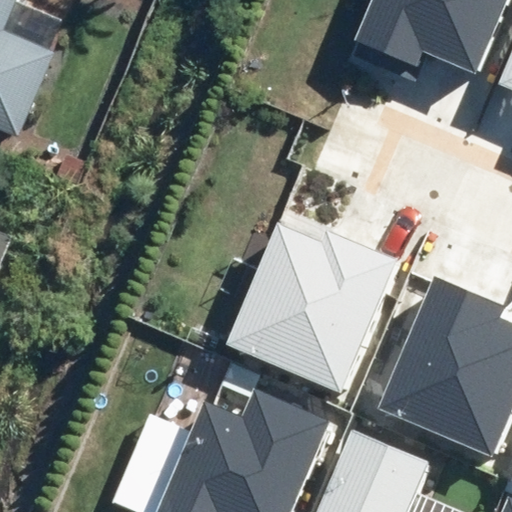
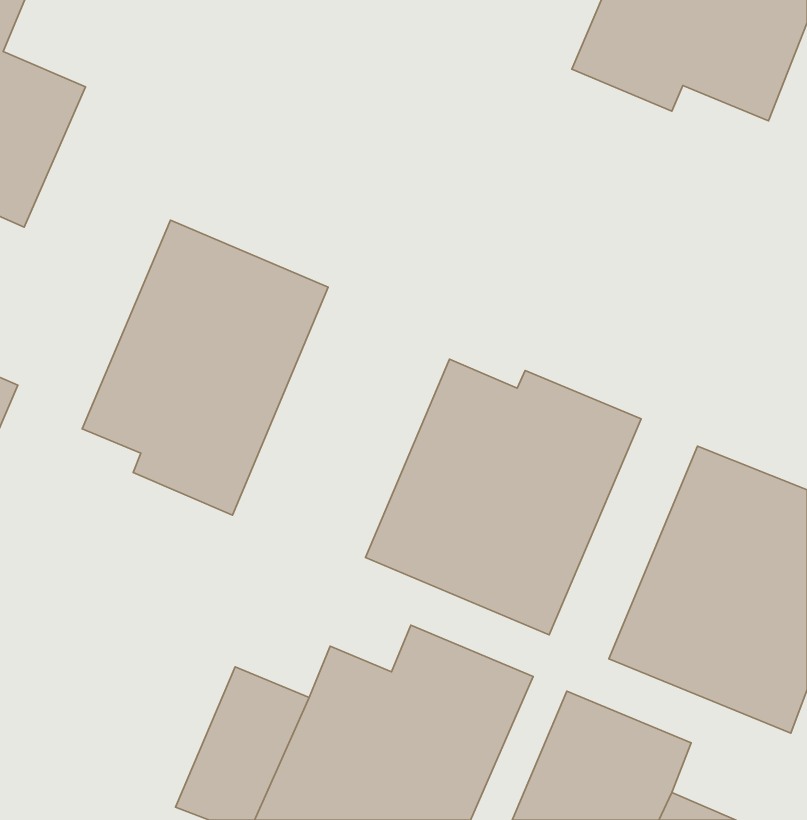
building: none -> [82,220,328,515]

